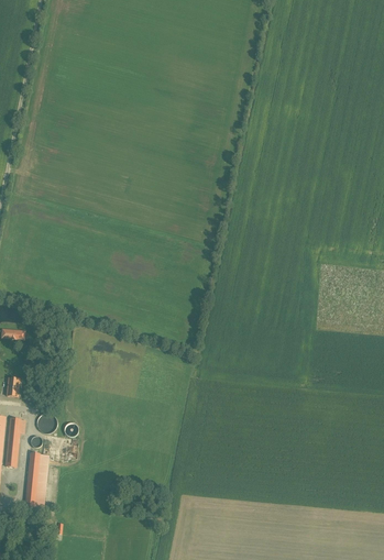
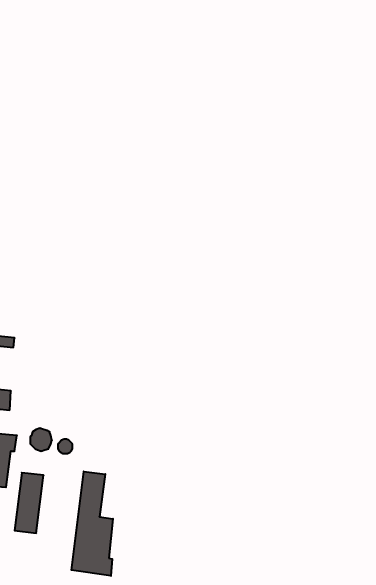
building: none -> [71,471,113,576]

